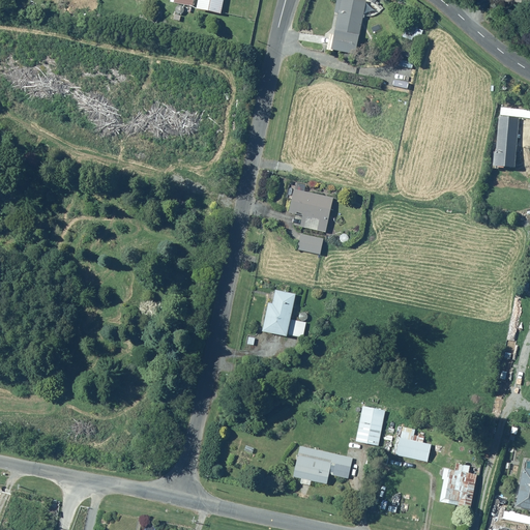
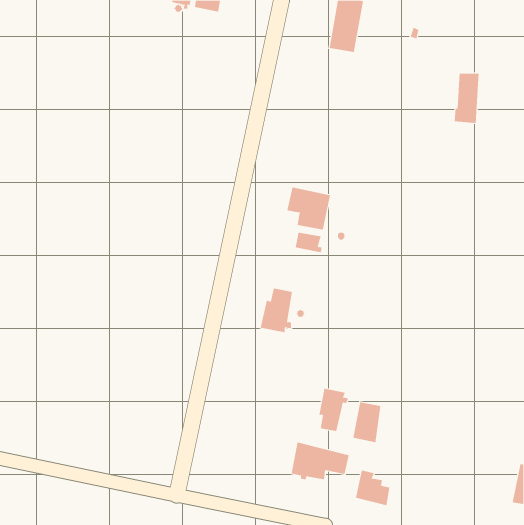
building: [493,116,519,167] -> [454,73,479,123]
building: none -> [319,388,349,432]
building: [395,426,431,463] -> [355,470,390,506]
building: [444,464,477,508] -> none

